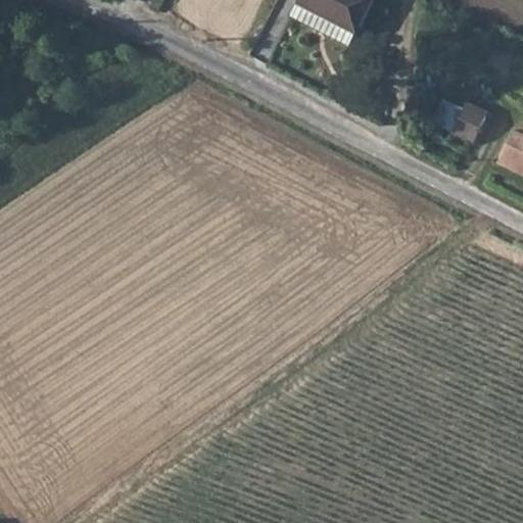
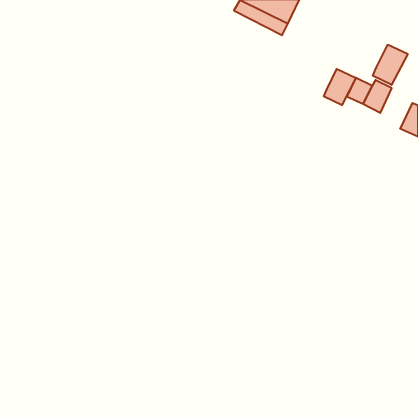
building: none -> [373,45,408,85]
building: none -> [324,69,356,105]

